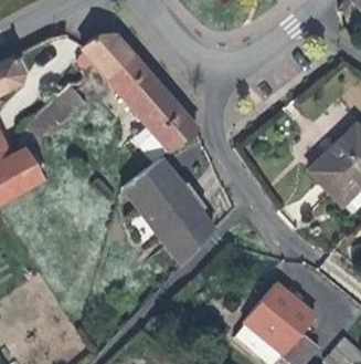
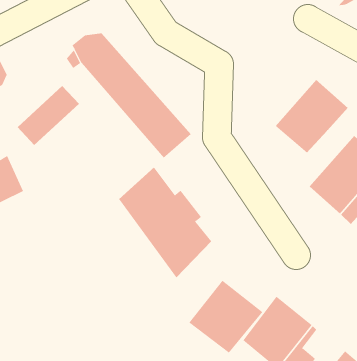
building: none -> [275,79,349,154]
building: none -> [189,280,263,354]

